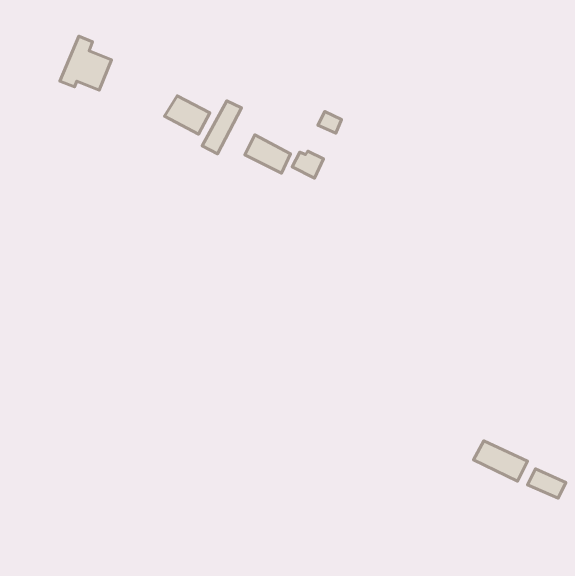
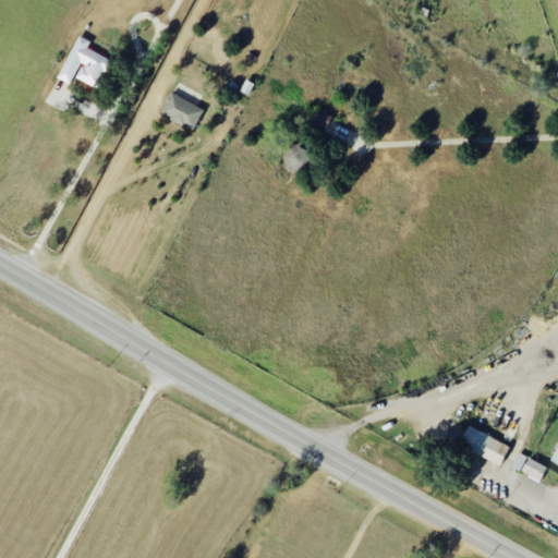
building: [202,101,242,154] -> none
building: [245,135,291,173] -> none

